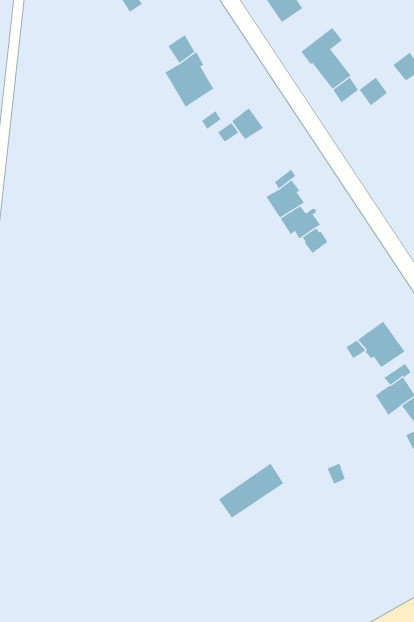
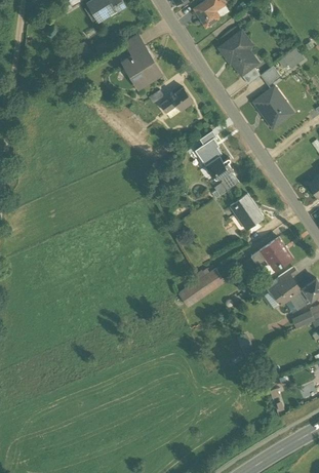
building: none -> [252,87,293,127]
building: none -> [229,192,264,228]
building: [218,463,284,518] -> [177,268,224,307]

